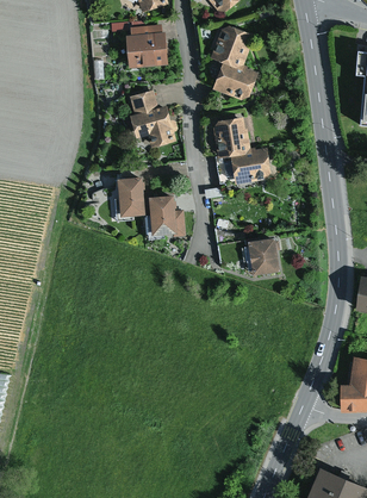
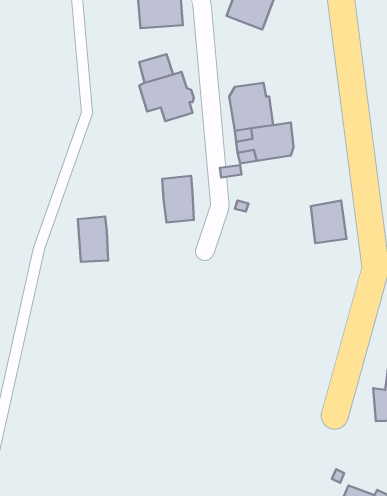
building: [210,62,255,99] -> none
building: [122,179,148,218] -> [78,217,108,262]
building: [245,236,276,273] -> [311,201,347,243]

